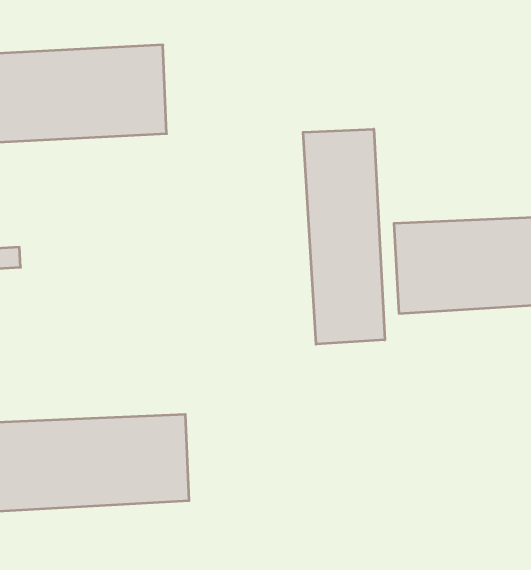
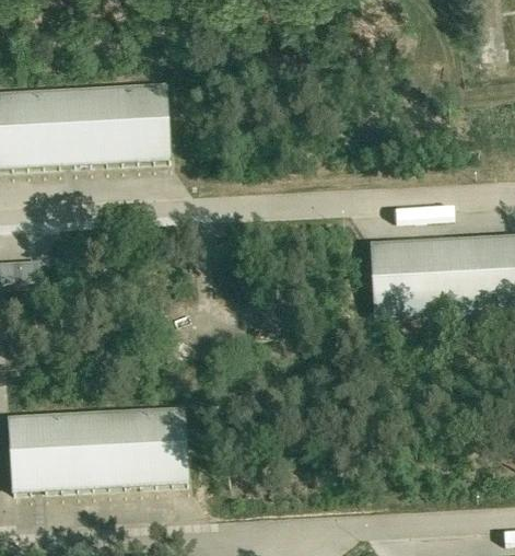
building: [303,129,385,344] -> none

